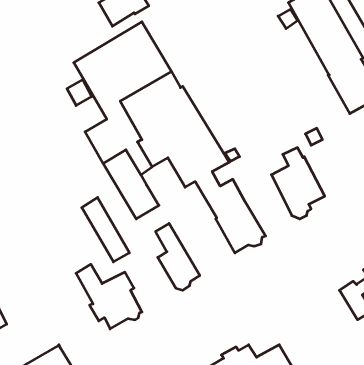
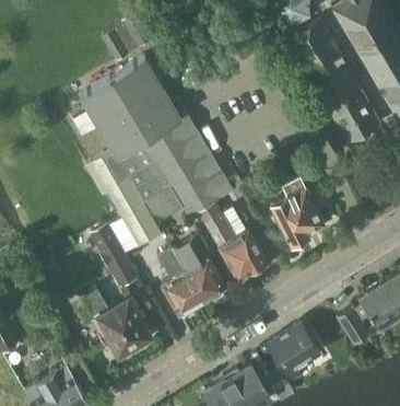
building: none -> [146,188,185,219]
building: none -> [174,235,223,302]
building: none -> [268,323,320,383]

